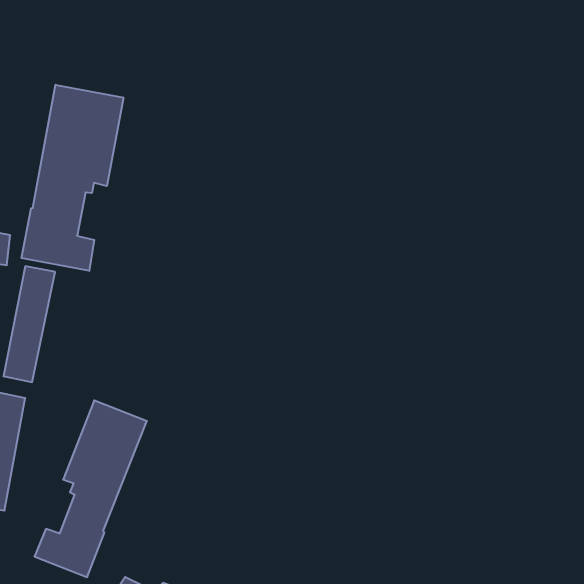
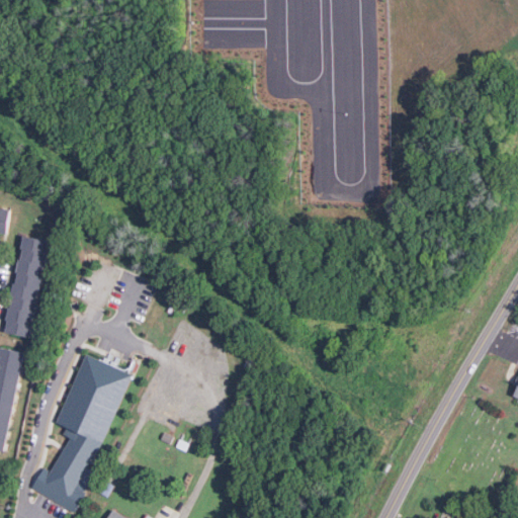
building: [21,85,123,271] -> none

